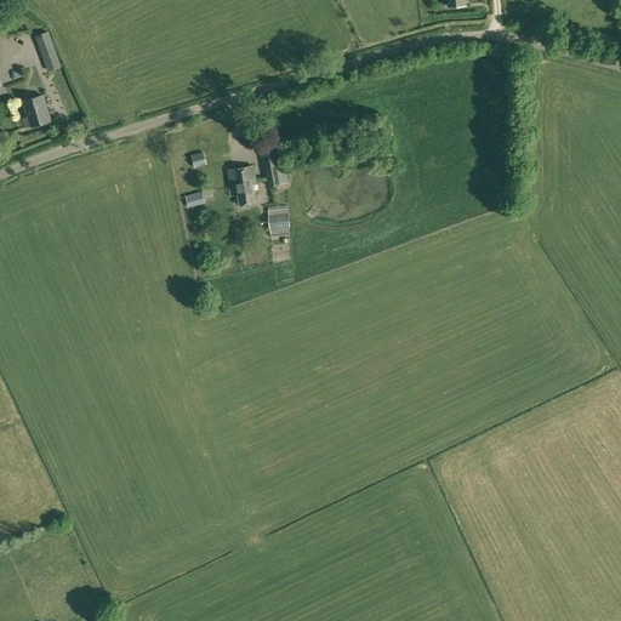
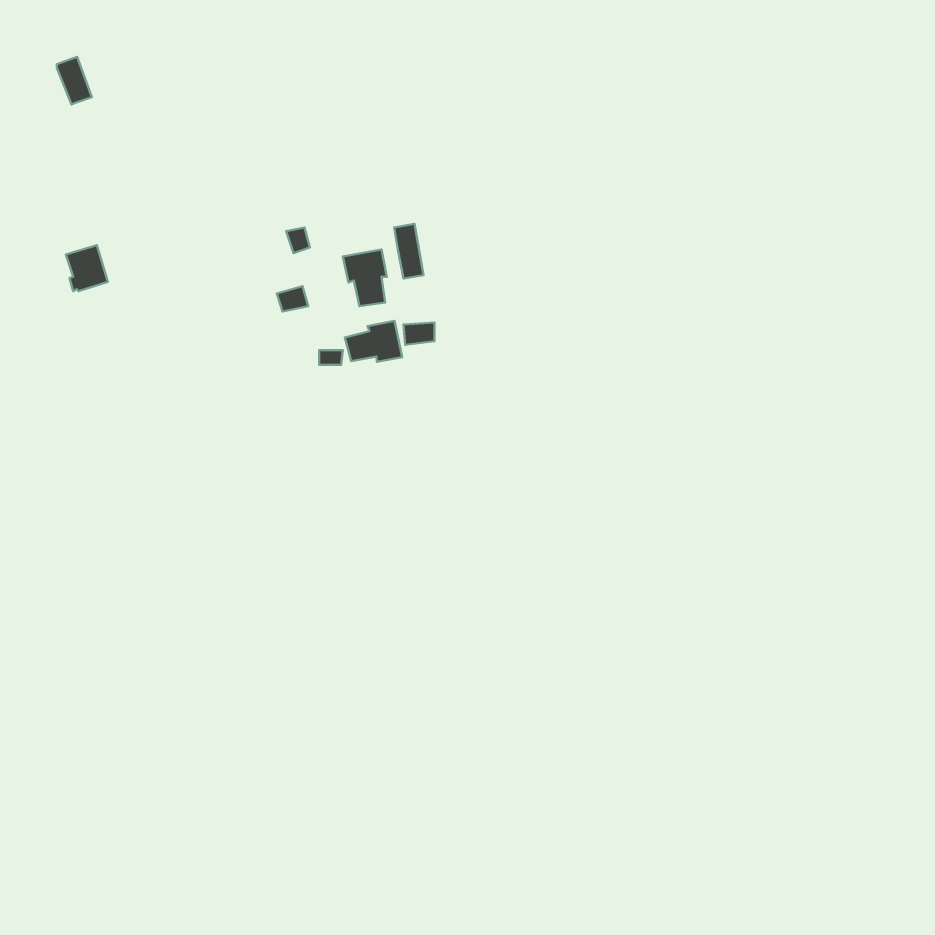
building: [22,95,50,125] -> [66,245,108,291]
building: none -> [345,321,402,362]

